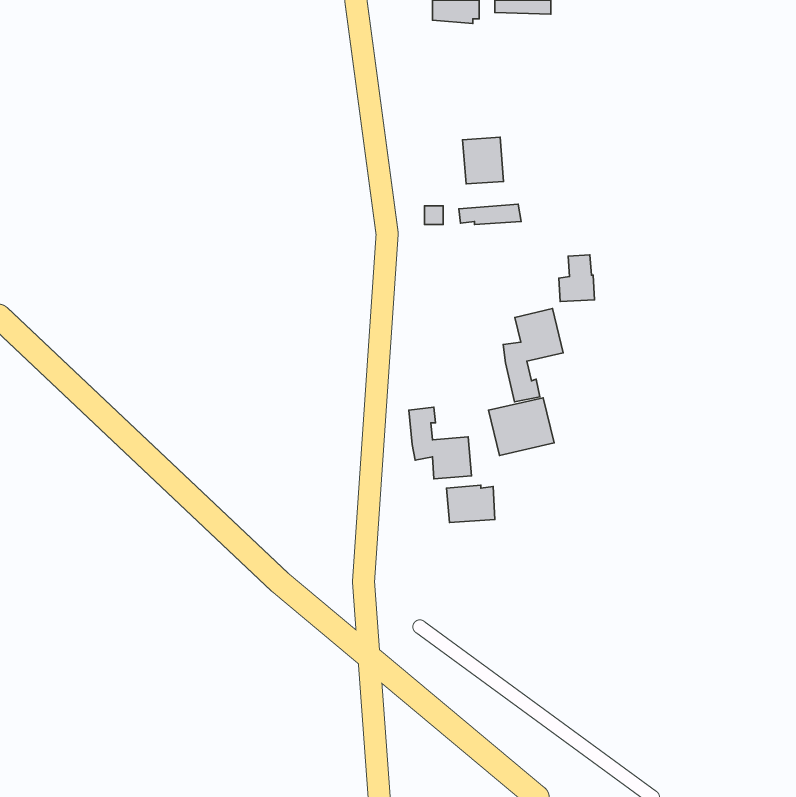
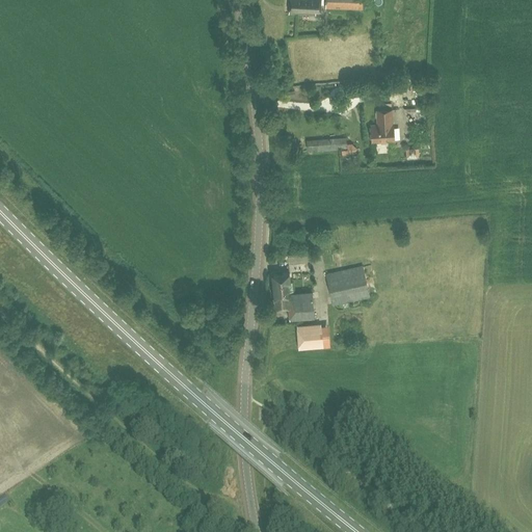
building: [463,137,504,184] -> none
building: [559,255,595,302] -> [370,109,394,140]
building: [503,308,563,402] -> none

